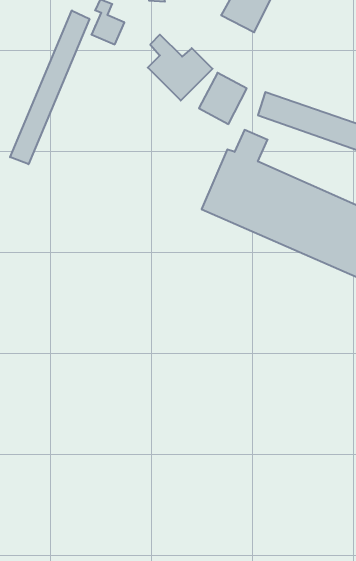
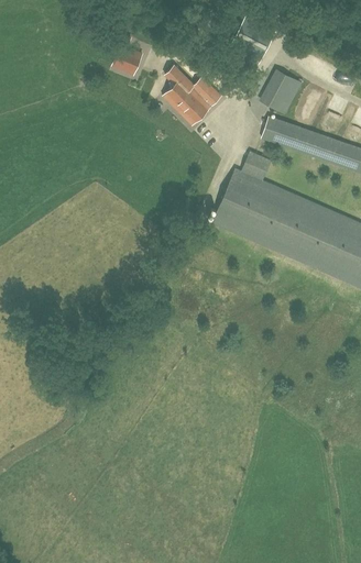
building: [10,10,89,164] -> none
building: [199,73,247,124] -> [259,68,302,114]

